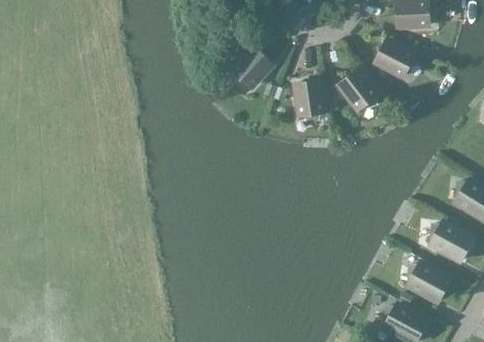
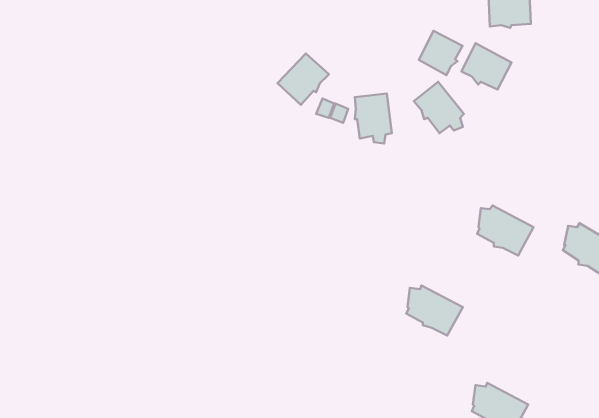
building: none -> [419,31,463,75]
building: [429,224,473,263] -> [477,205,534,256]
building: [406,265,450,304] -> [406,285,463,336]

